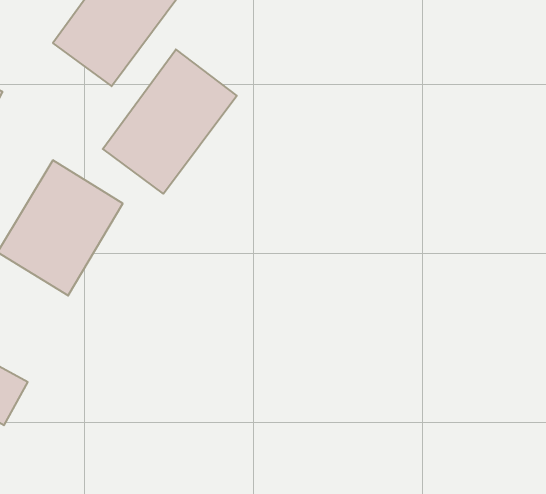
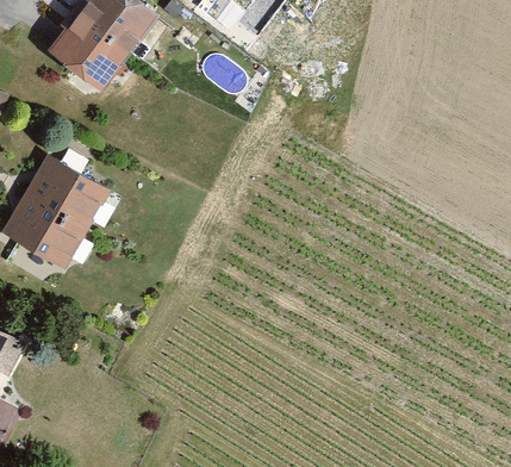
building: [103,49,237,194] -> none

